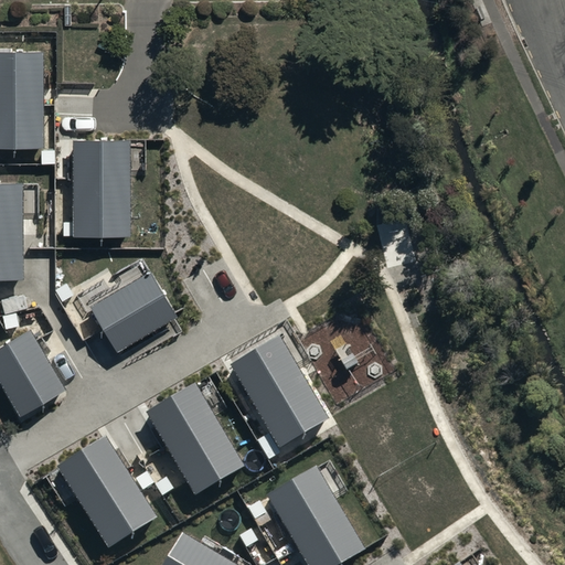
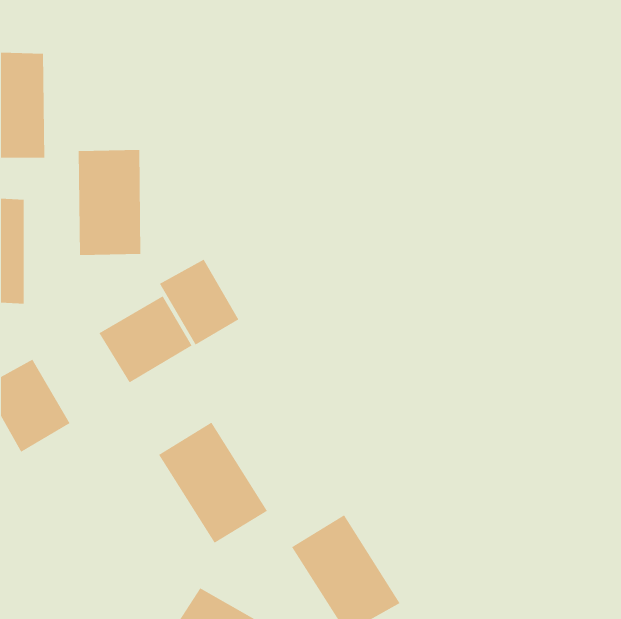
building: none -> [159,259,239,345]
building: [228,338,328,449] -> none
building: [56,437,156,548] -> none

